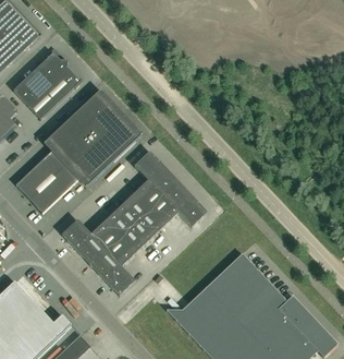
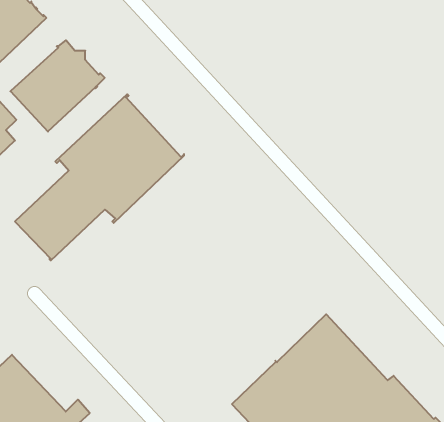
building: [61,151,207,295] -> none

